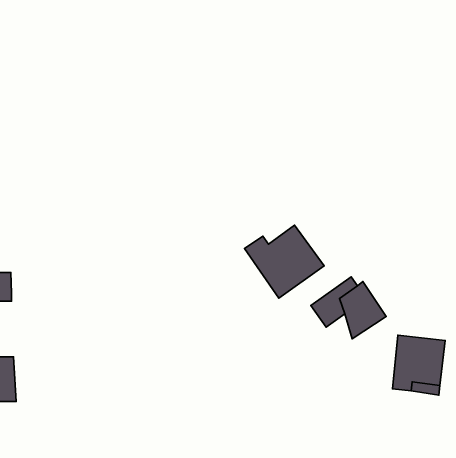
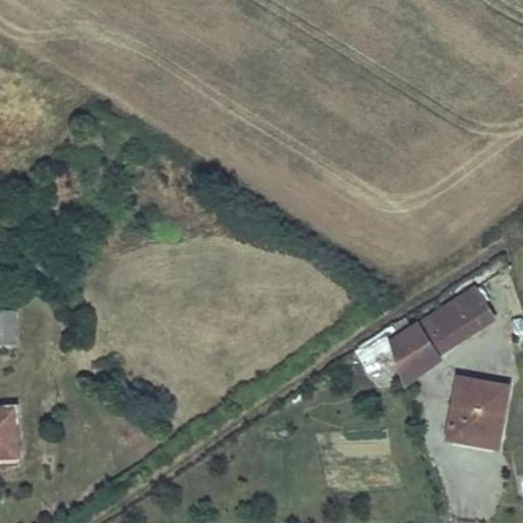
building: [245,225,324,298] -> none
building: none -> [417,284,497,355]

